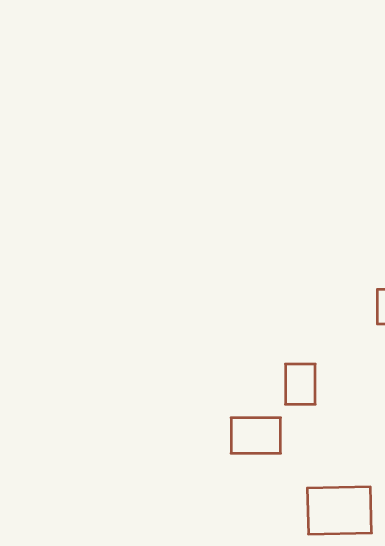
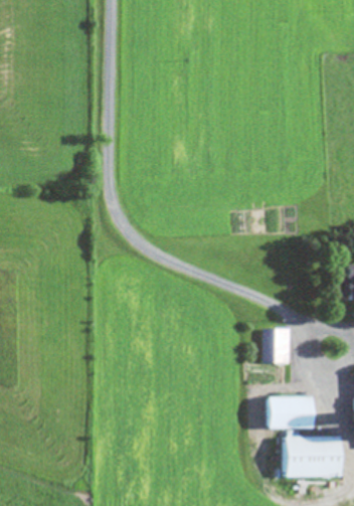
building: [231,418,281,453] -> [267,396,310,428]

